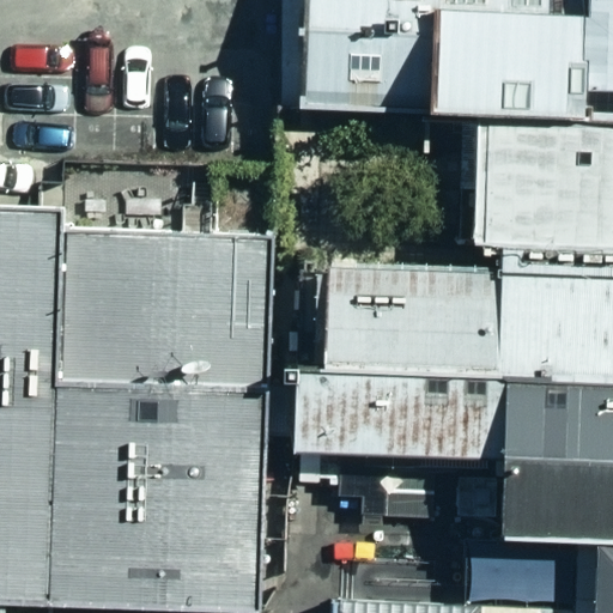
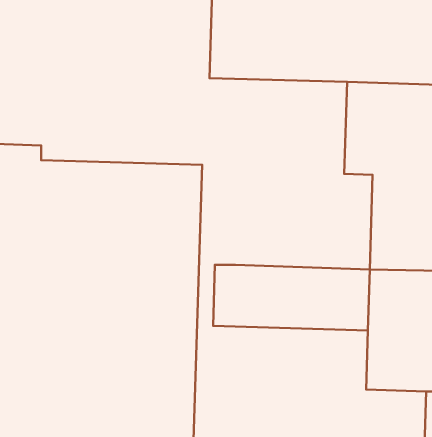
building: [317,245,498,375] -> none

